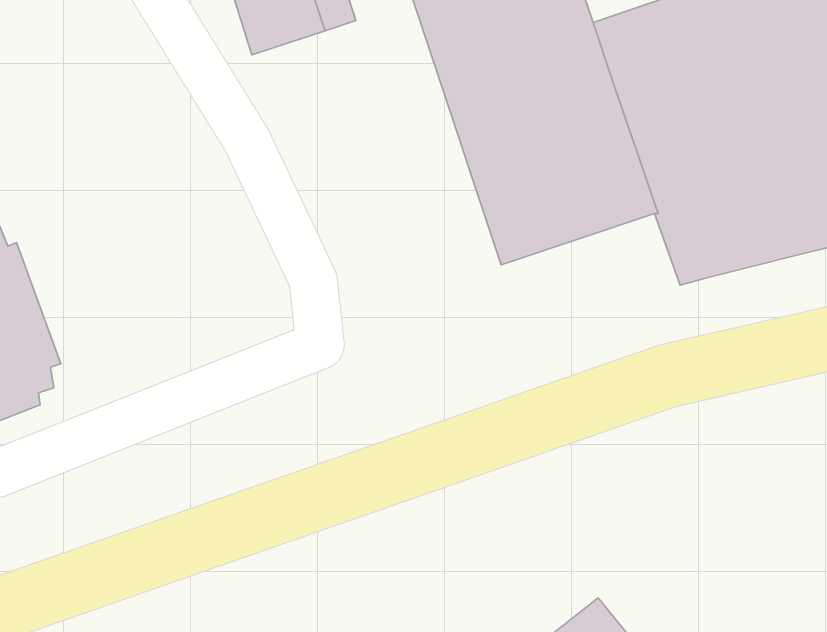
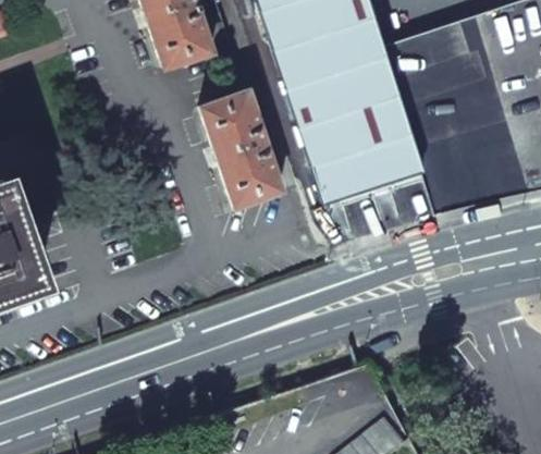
building: none -> [199,88,281,206]

